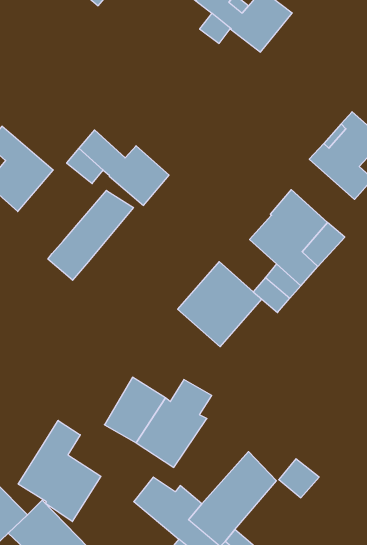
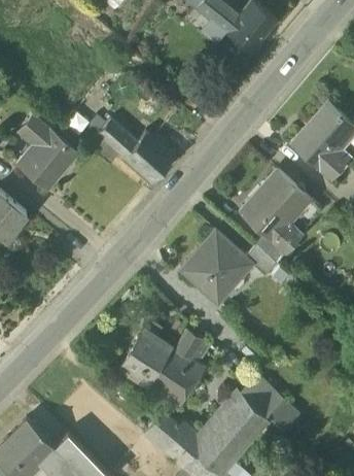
building: [48,190,133,280] -> none
building: [18,420,101,522] -> none
building: none -> [241,374,281,416]

